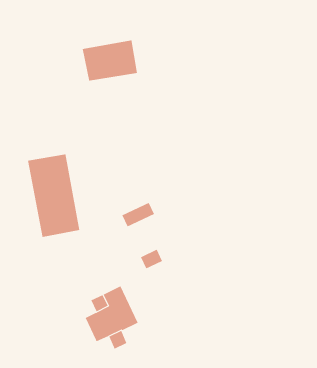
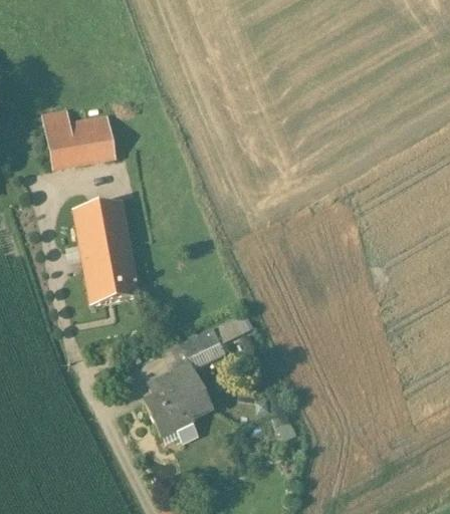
building: [82,40,138,81] -> [45,115,115,167]
building: [121,202,155,227] -> [179,327,220,358]

